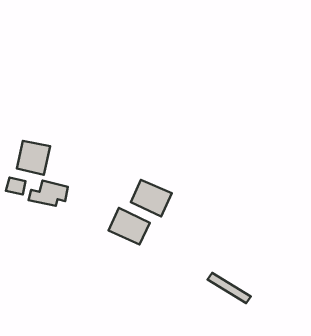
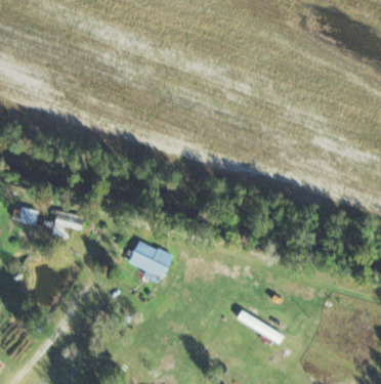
building: [17,141,50,175] -> none
building: [131,180,172,216] -> none

